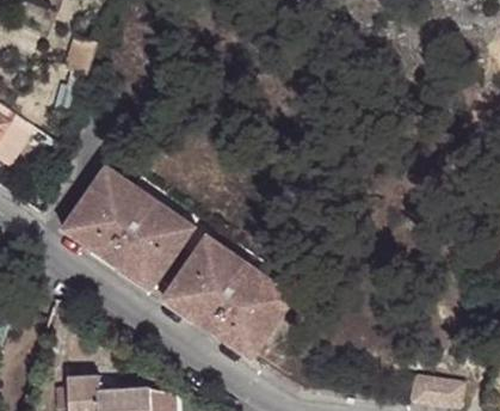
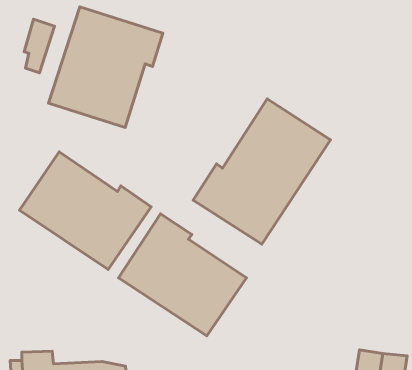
building: none -> [49,7,163,127]
building: none -> [193,99,330,244]

